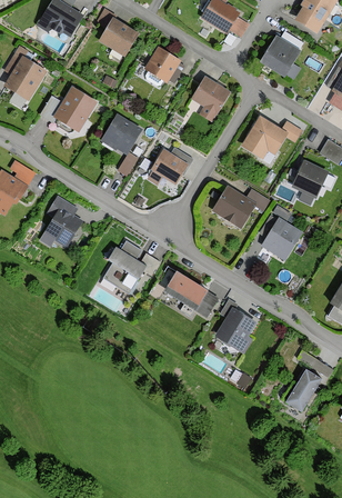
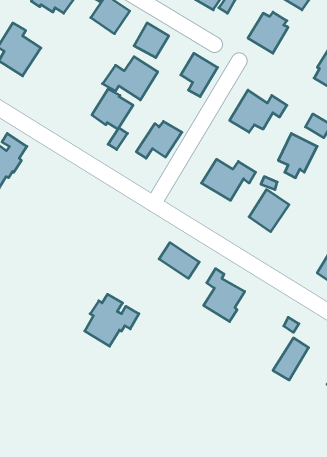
building: [40,87,97,131] -> [102,57,158,100]
building: [39,195,83,248] -> none
building: [102,240,158,293] -> [85,294,139,346]

